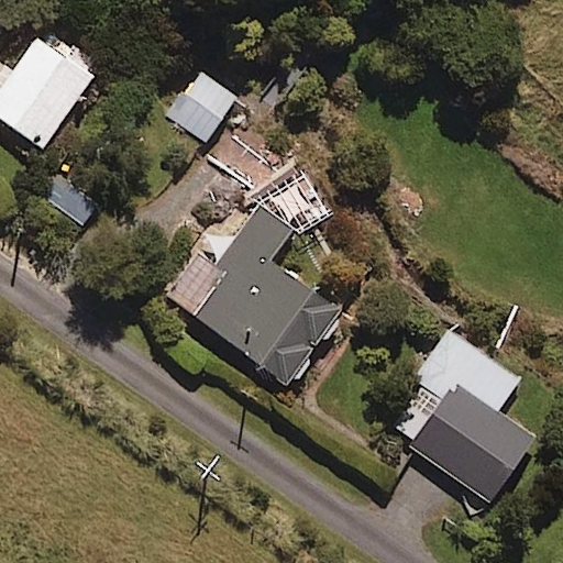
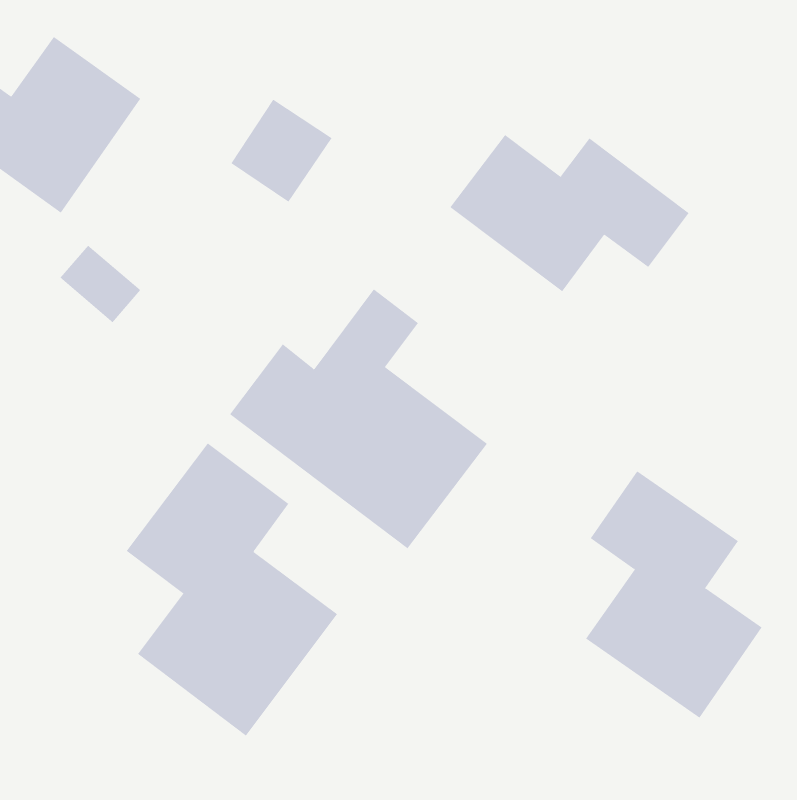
building: none -> [449,134,689,292]
building: none -> [126,443,338,737]

